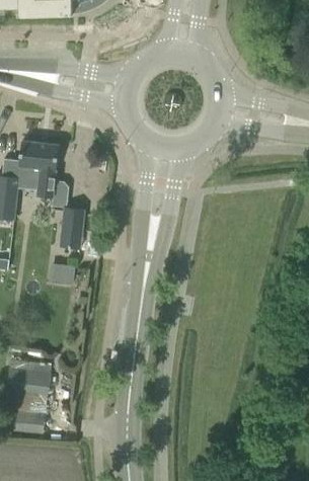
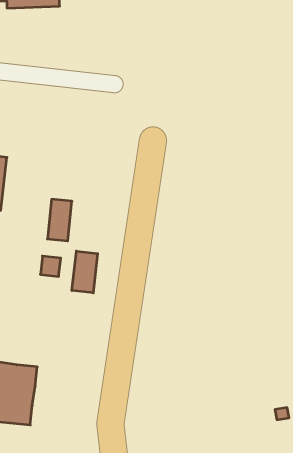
building: [18,141,60,196] -> none
building: none -> [72,251,98,293]

